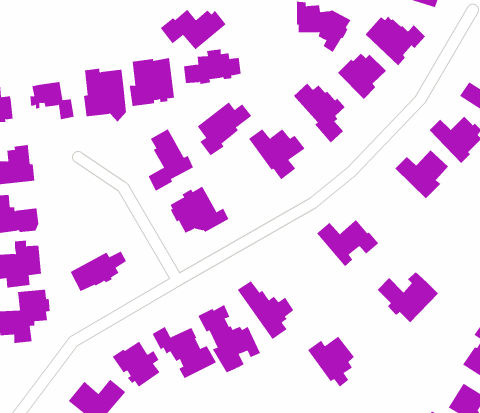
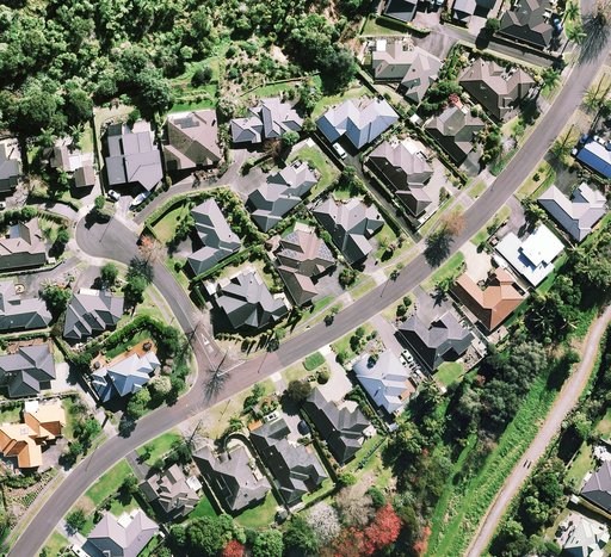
building: [160,9,227,50] -> [315,98,399,149]
building: none -> [277,227,333,304]
building: none -> [64,289,124,338]
building: [377,272,439,323] -> [449,266,526,330]
building: [307,336,355,388] -> [350,348,409,413]

